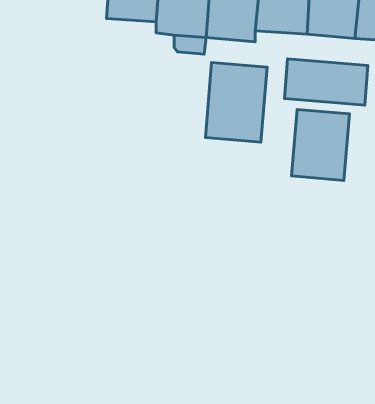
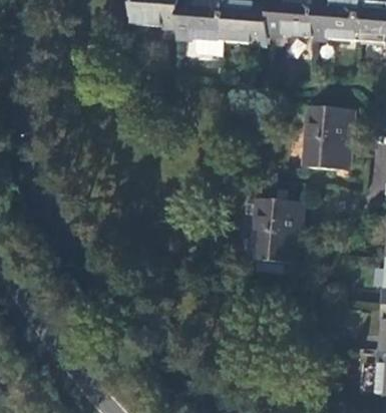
building: [284,59,368,105] -> none
building: [205,63,267,142] -> none
building: none -> [251,197,303,263]

